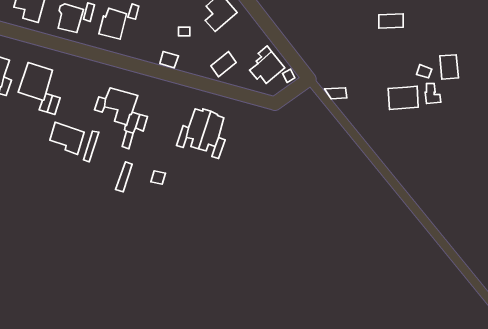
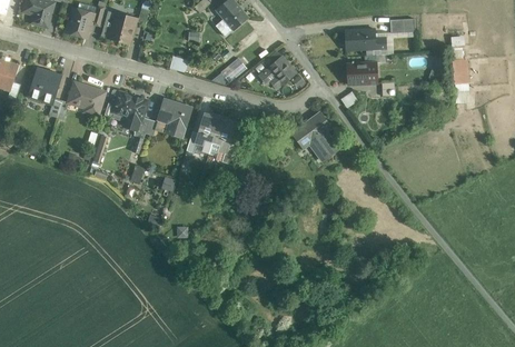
building: none -> [345,28,385,50]
building: [388,86,418,109] -> [346,61,376,85]
building: none -> [157,99,191,137]
building: none -> [291,112,338,159]
building: [50,122,84,154] -> [69,82,103,115]

